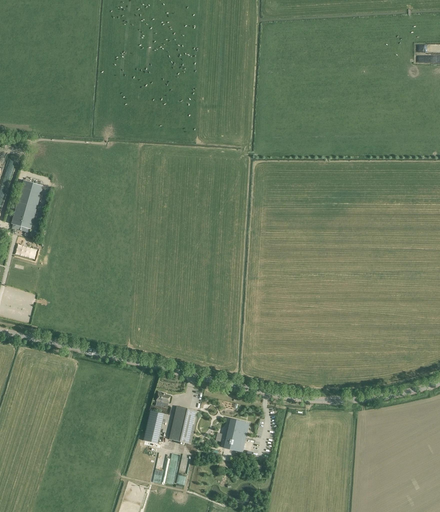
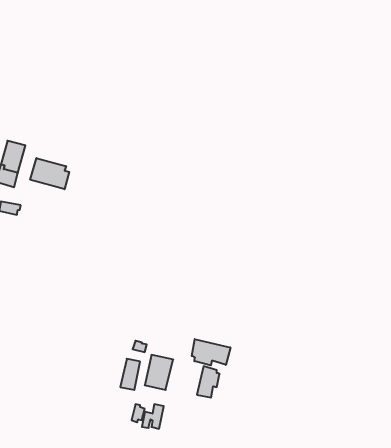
building: none -> [30,158,69,189]
building: none -> [192,339,230,365]

